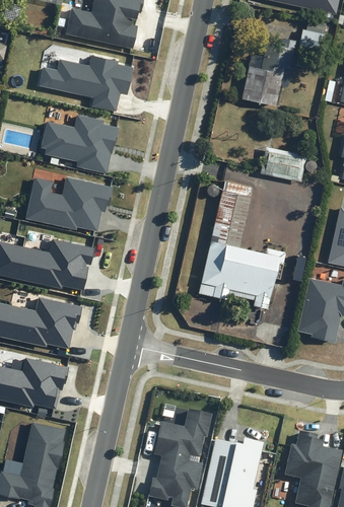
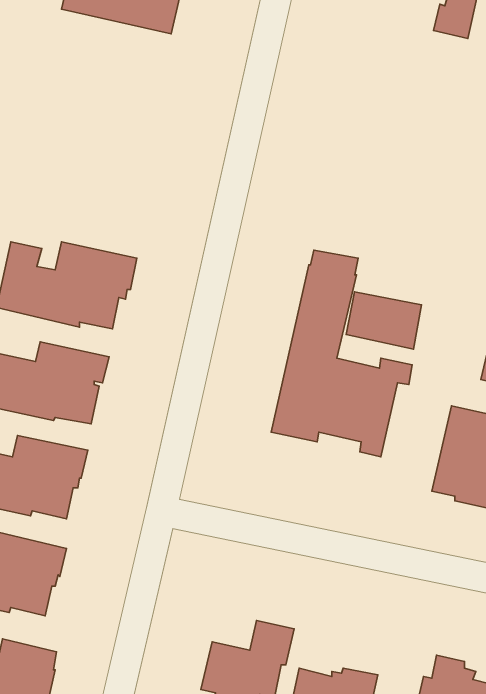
building: [239,39,293,106] -> none
building: [41,55,134,111] -> none
building: [42,114,120,172] -> none
building: [259,147,305,183] -> [346,292,422,349]

